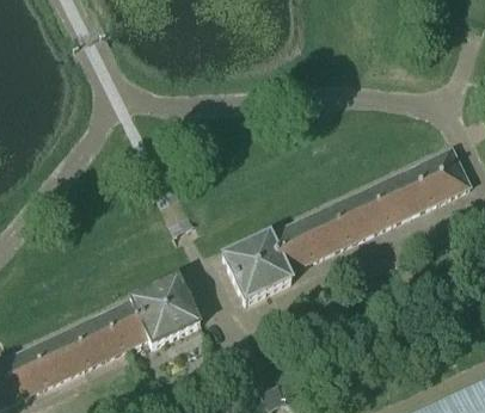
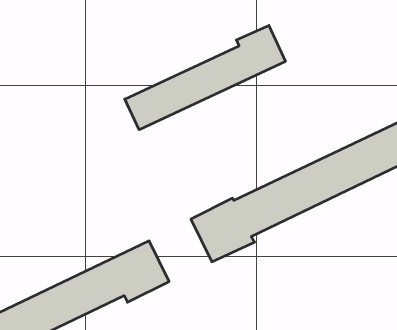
building: none -> [125,25,285,130]

